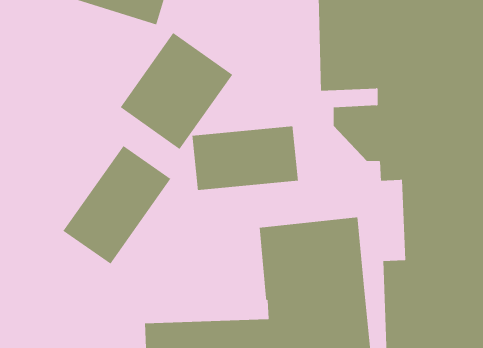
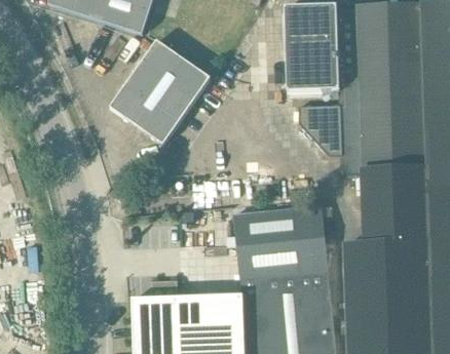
building: [192,125,299,191] -> none
building: [63,145,171,265] -> none

